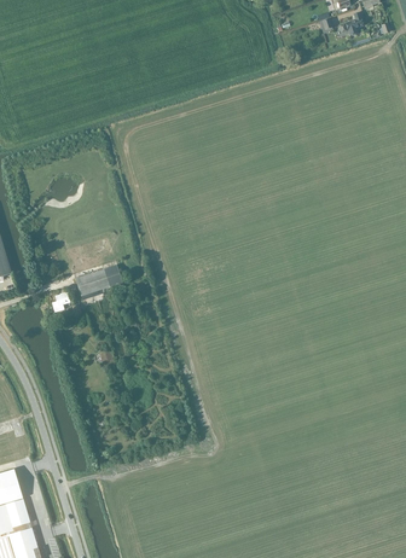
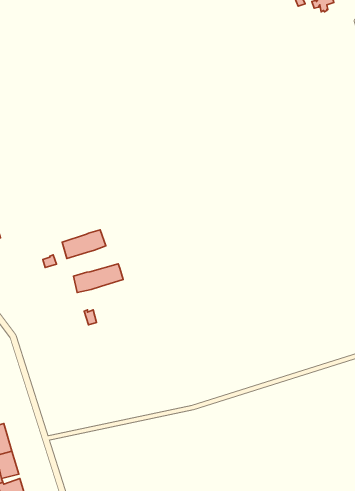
building: none -> [73,264,123,293]

